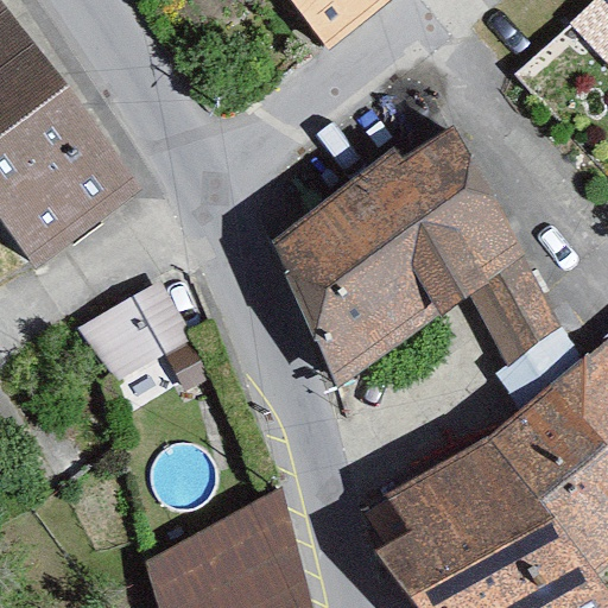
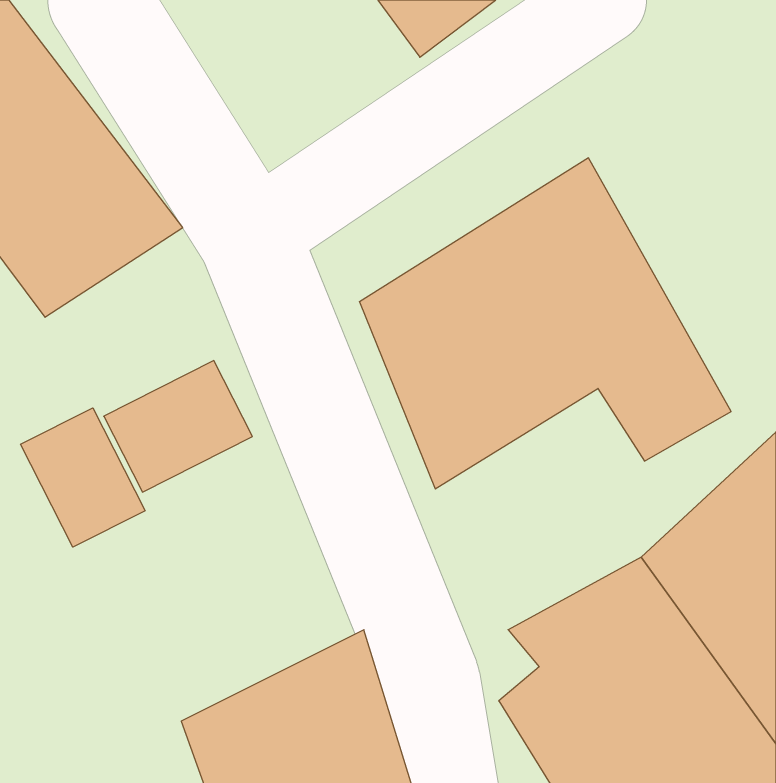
building: none -> [21,408,145,547]

